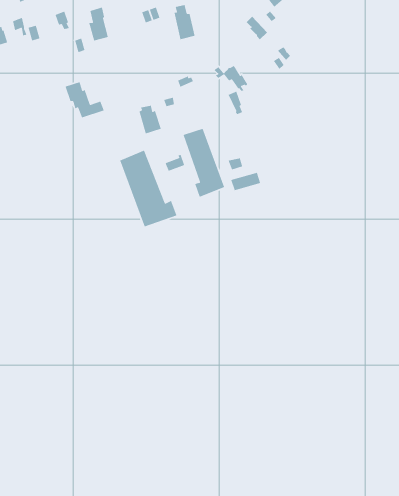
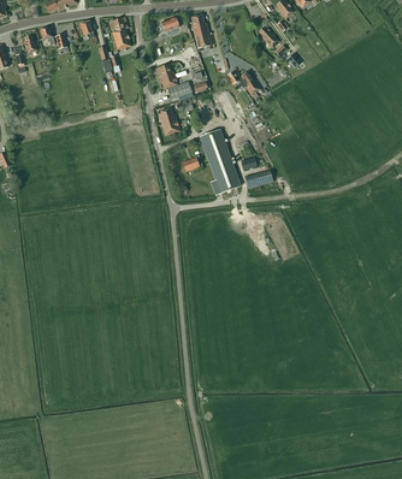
building: [65,81,105,119] -> [154,64,191,99]
building: [119,149,177,227] -> none

